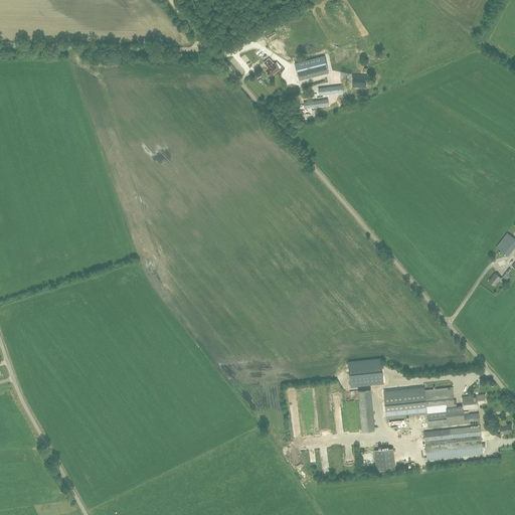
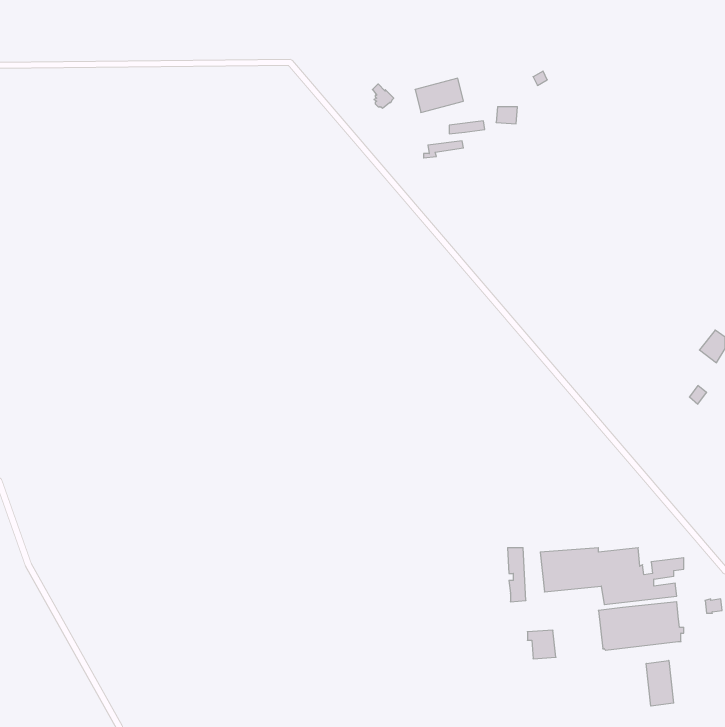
building: [347,359,382,386] -> none
building: none -> [646,660,674,706]

